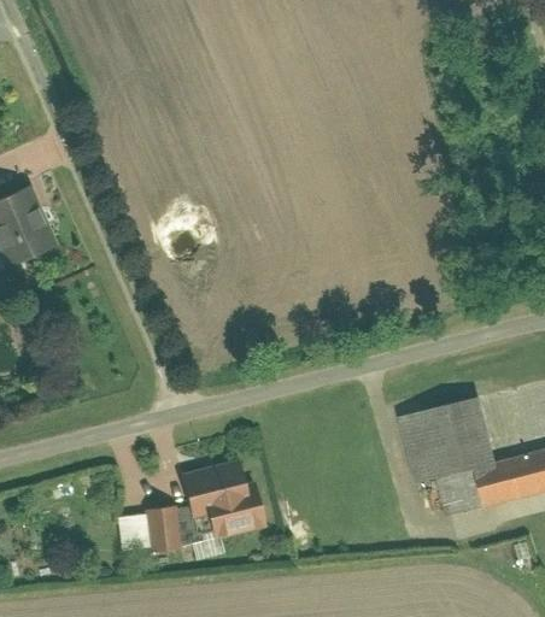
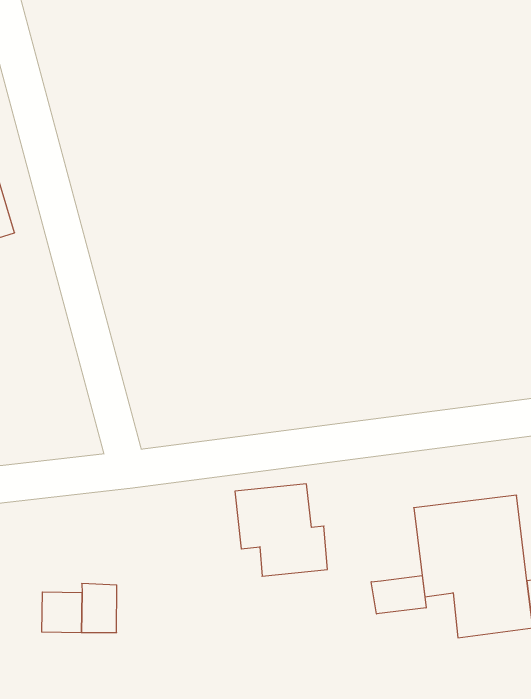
building: [183,462,264,539] -> [235,484,327,576]
building: none -> [371,576,426,614]

